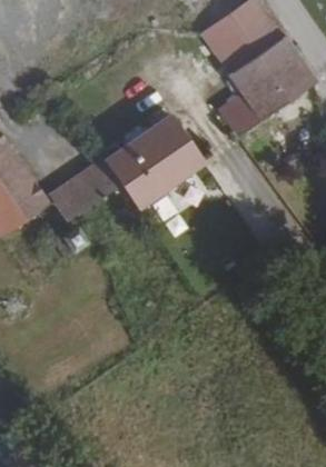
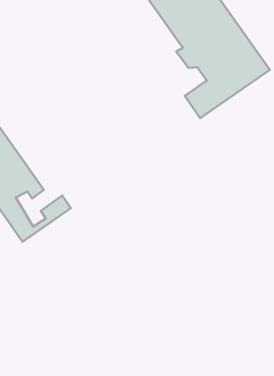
building: [52,117,200,218] -> none

